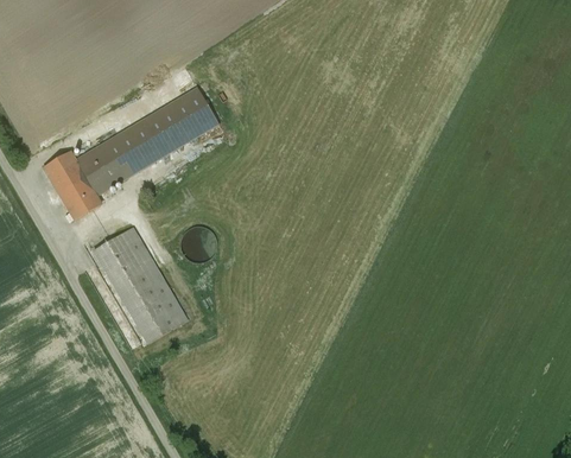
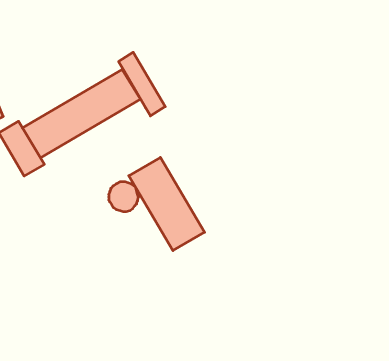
building: none -> [119,52,165,116]
building: [93,227,186,342] -> [129,157,205,251]

